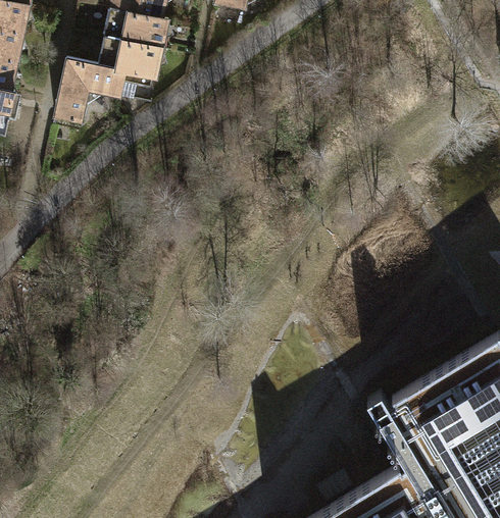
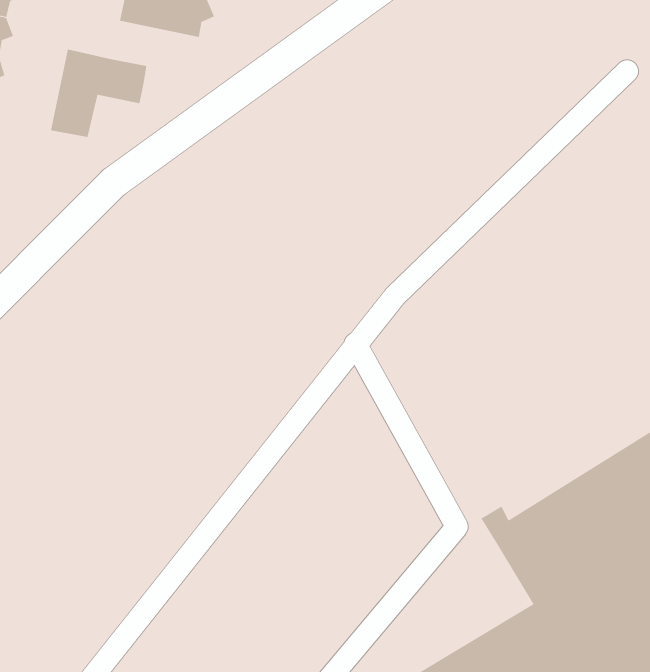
building: [98,39,167,86] -> none

